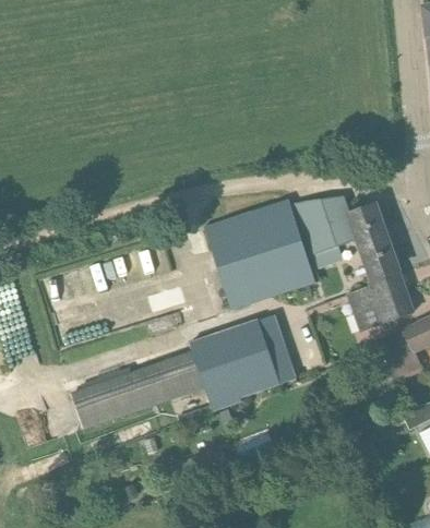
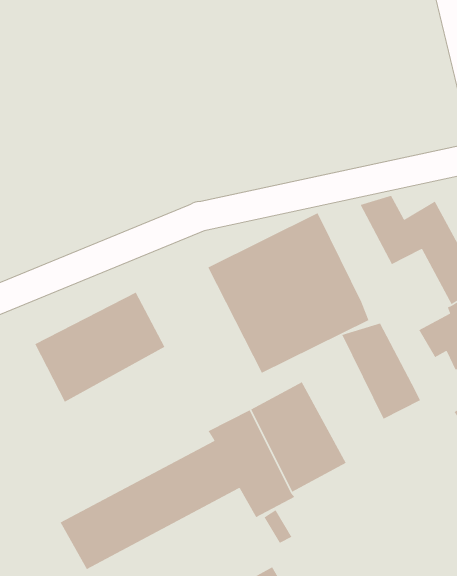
building: [291,197,342,267] -> [341,322,421,420]
building: none -> [34,291,165,403]

